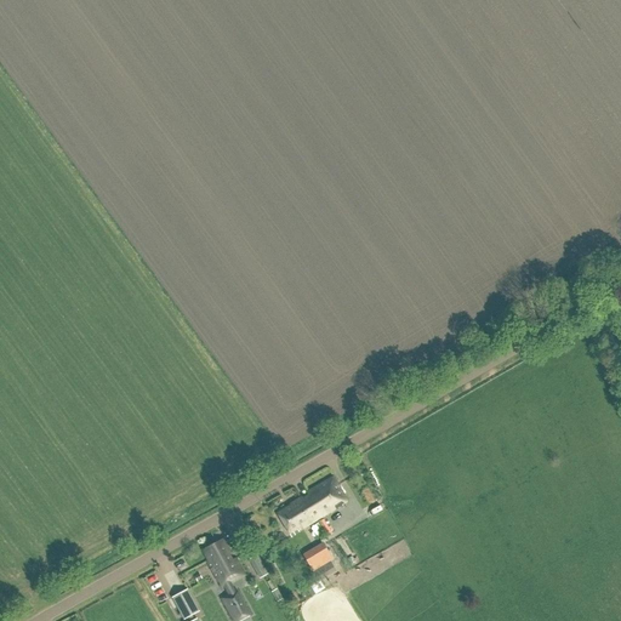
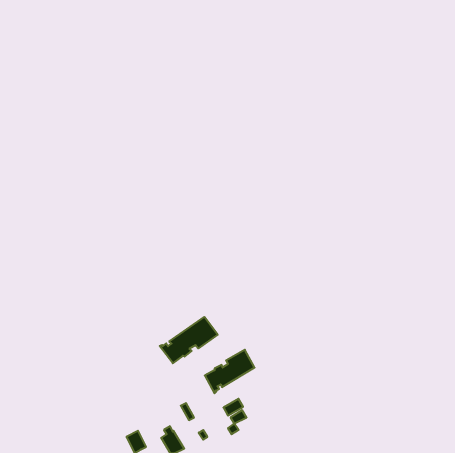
building: none -> [160,317,218,363]
building: [204,539,245,586] -> none

